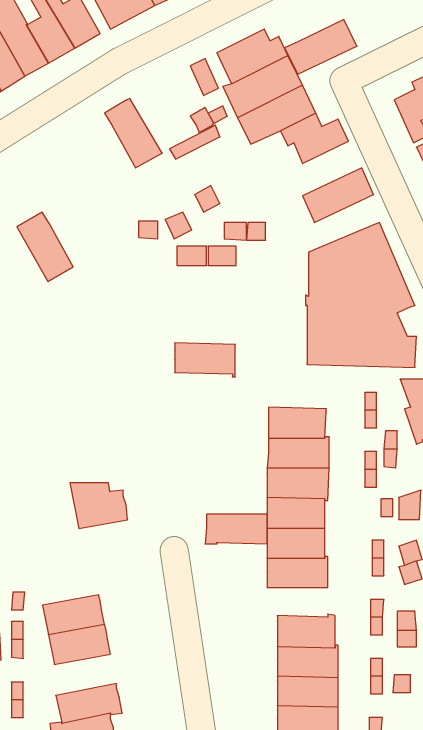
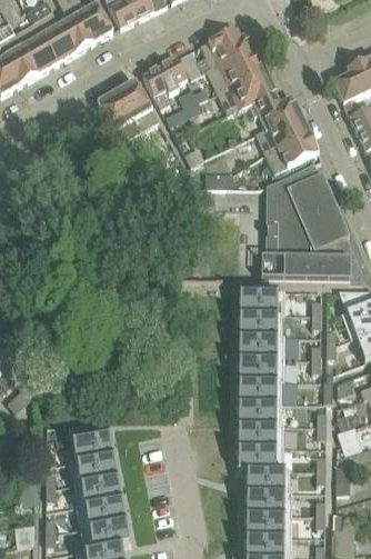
building: [285,20,357,74] -> [254,112,309,153]
building: none -> [142,58,187,108]
building: [17,212,73,282] -> [97,91,139,143]
building: [175,343,235,377] -> [239,290,284,316]
building: [70,483,128,529] -> [68,426,111,460]
building: [205,514,267,544] -> [237,448,283,470]
building: none -> [74,498,124,529]

